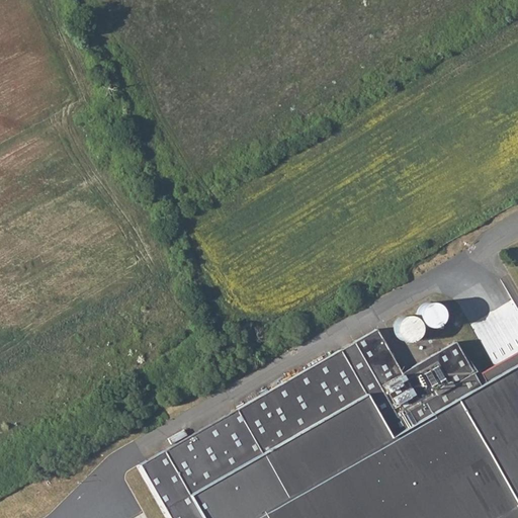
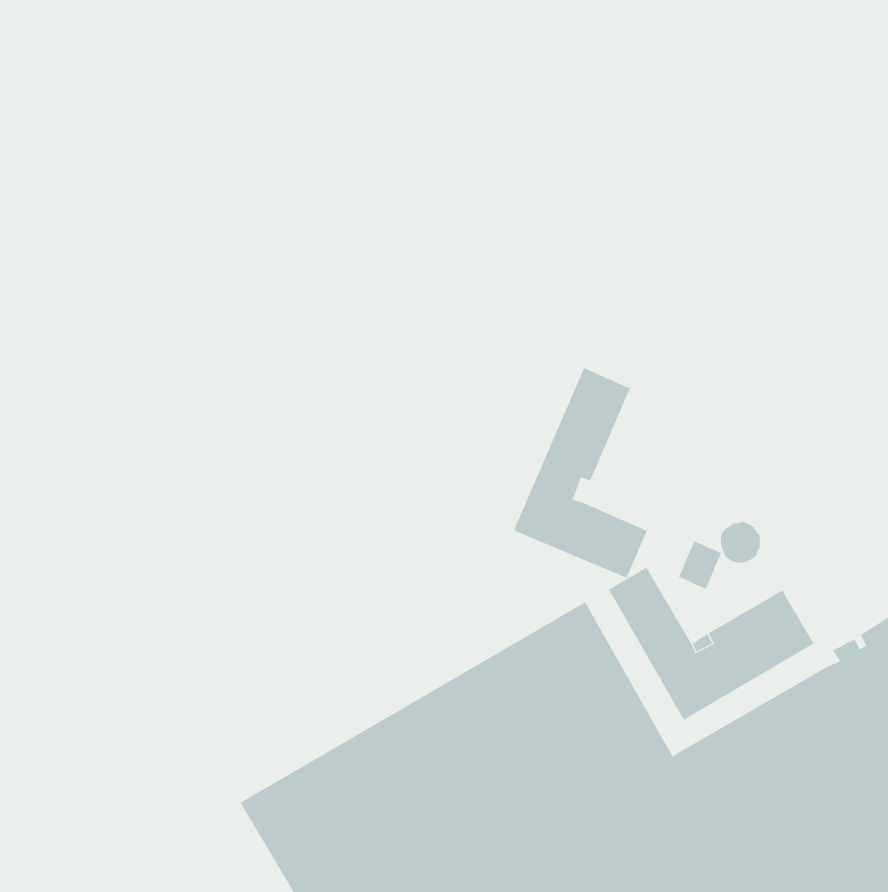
building: none -> [513,367,648,579]
building: [342,342,482,438] -> none

